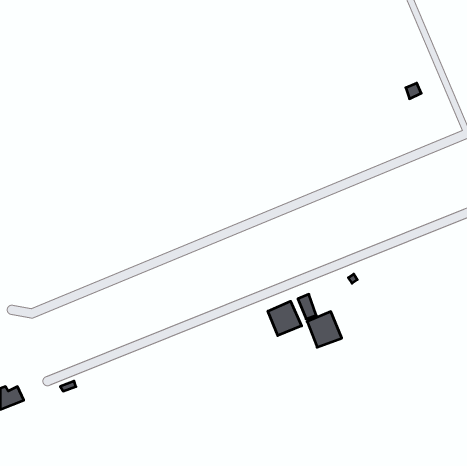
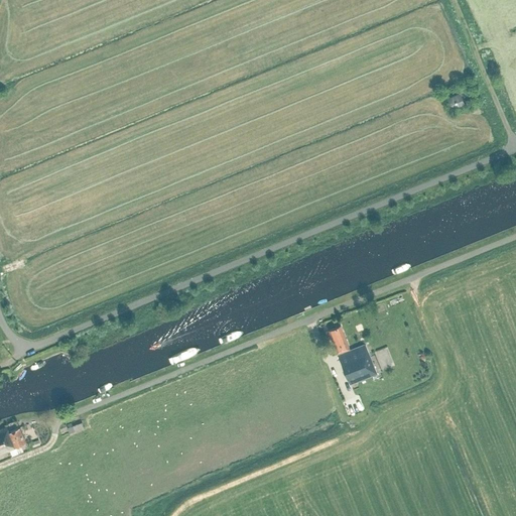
building: [268,301,302,336] -> none

